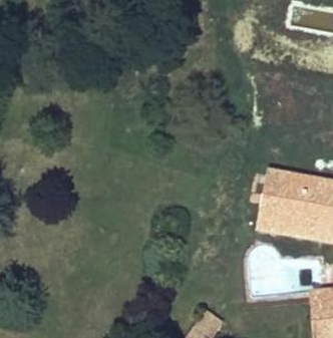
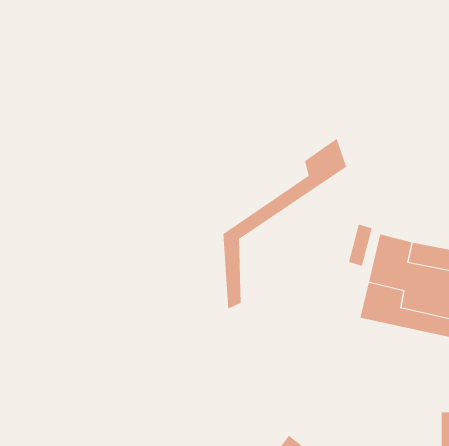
building: none -> [223,138,347,309]

